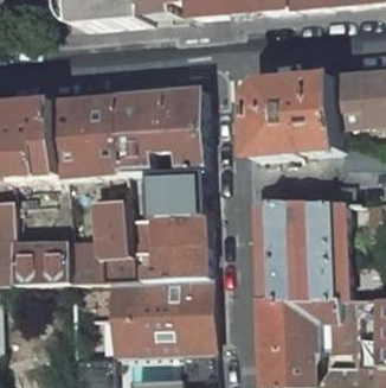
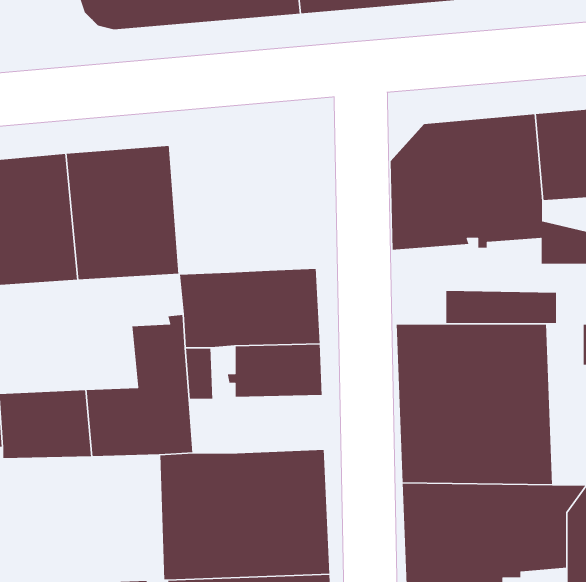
building: [115,88,202,172] -> none
building: [154,244,207,279] -> none

